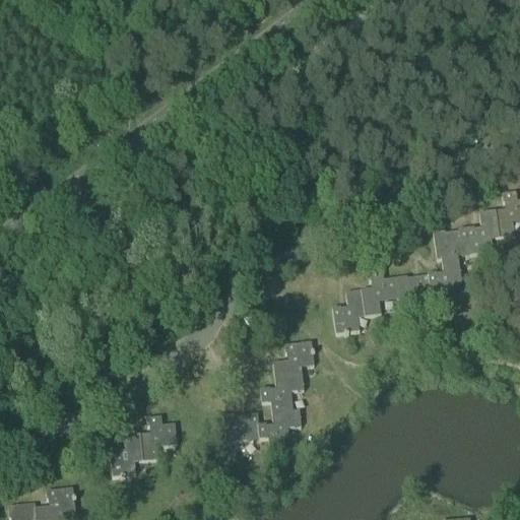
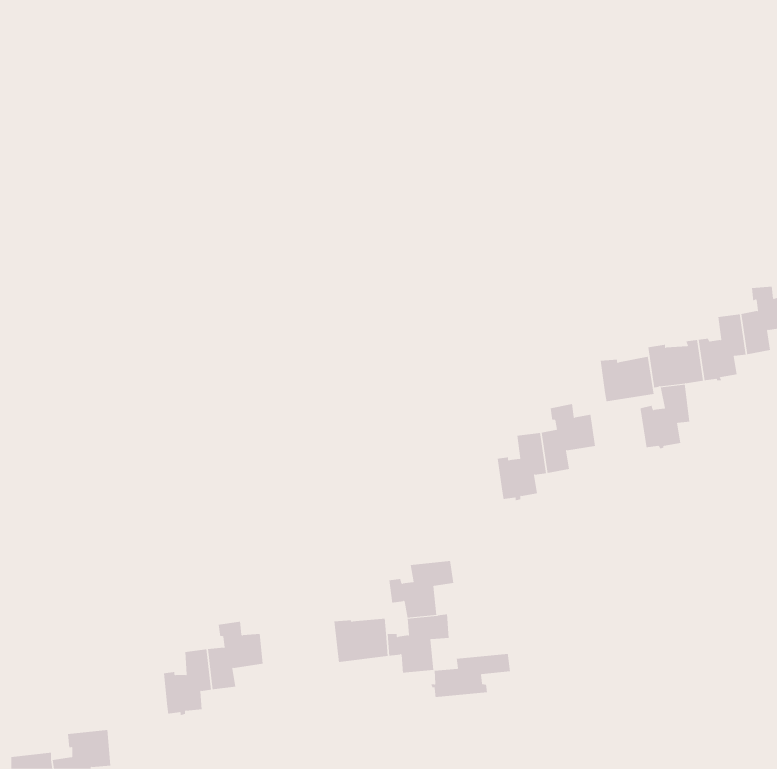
building: [395,273,432,304] -> [600,356,655,402]
building: [273,341,314,377] -> none
building: none -> [431,653,511,698]

